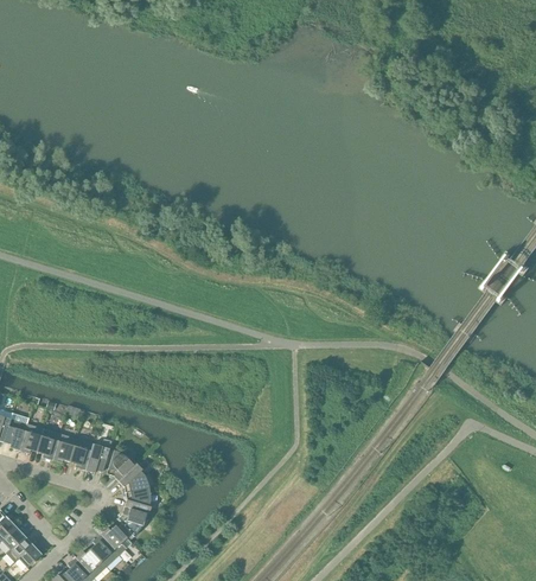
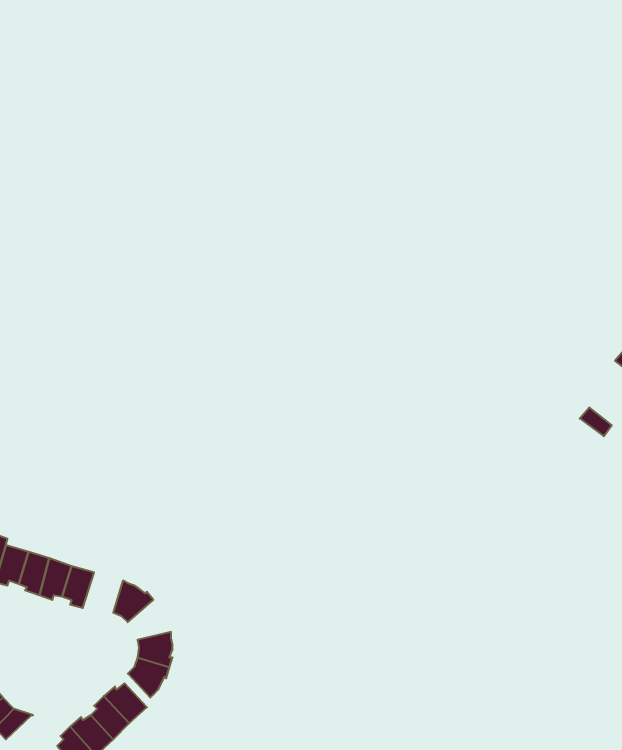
building: [84,440,111,474] -> none
building: [117,465,149,494] -> none

